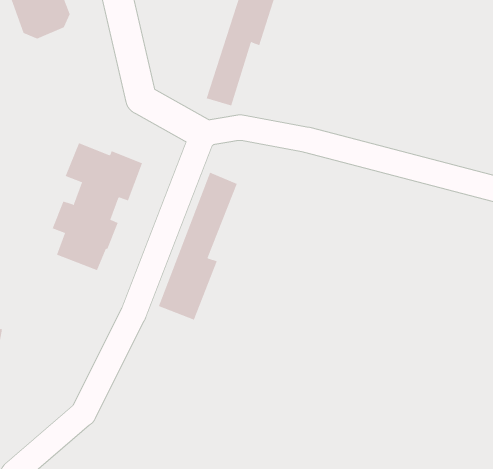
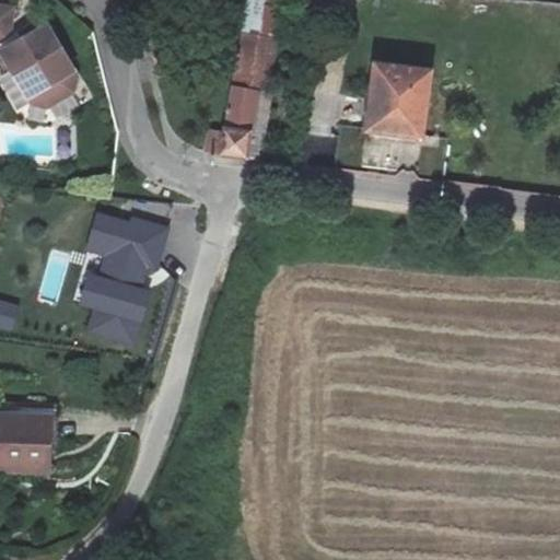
building: none -> [368,61,431,135]
building: [158,172,238,321] -> none

